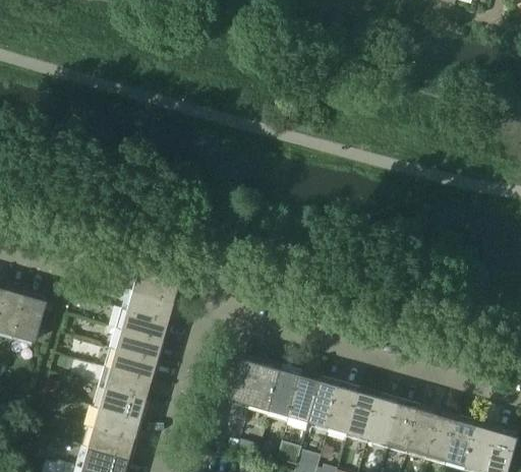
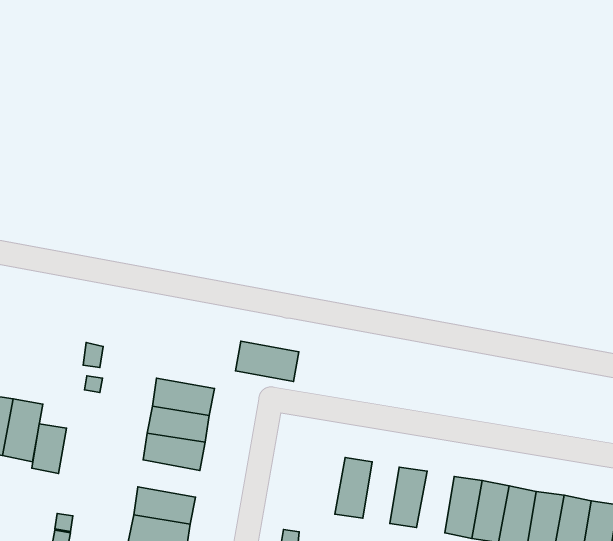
building: [130,271,178,304] -> [236,341,299,381]
building: none -> [32,424,66,473]
building: [108,351,155,382] -> none
building: [230,359,263,406] -> none
building: [271,370,301,417] -> none
building: [309,381,341,428] -> none

